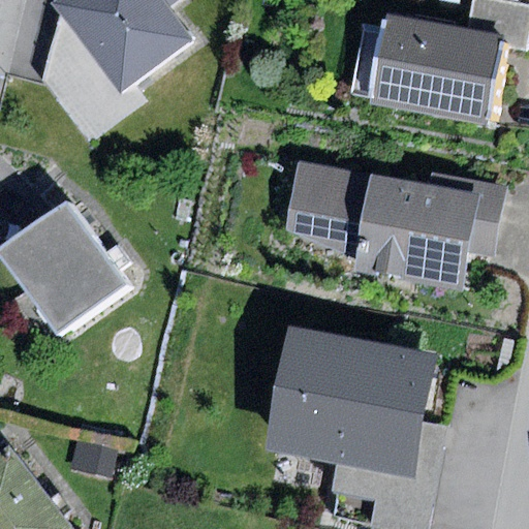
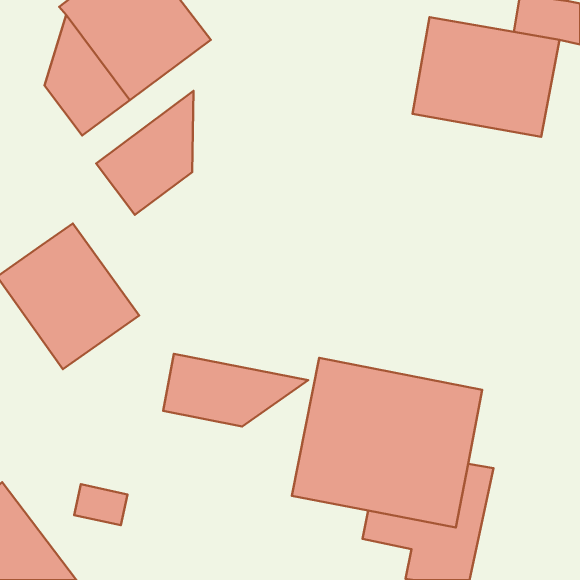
building: none -> [96,91,194,215]
building: [285,161,504,288] -> none
building: none -> [163,354,308,427]

